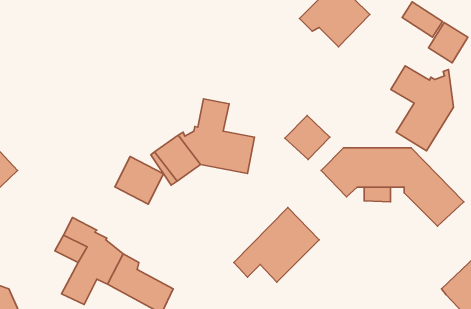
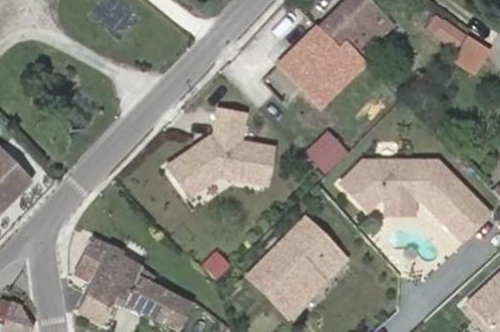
building: none -> [281,27,366,108]
building: [391,66,453,151] -> none
building: [115,156,164,204] -> none
building: none -> [267,254,347,317]

